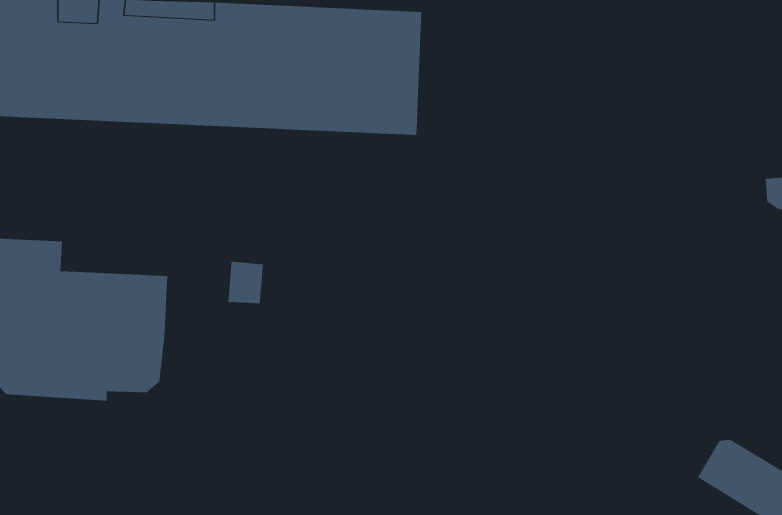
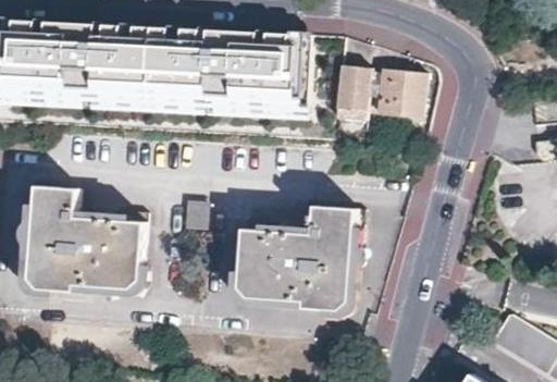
building: none -> [336,66,371,122]
building: none -> [377,71,425,120]
building: none -> [237,201,360,307]

